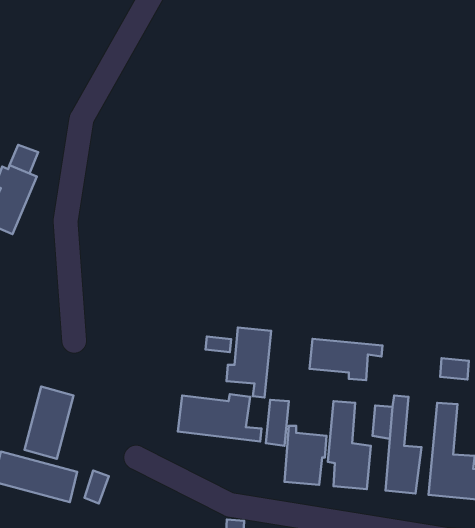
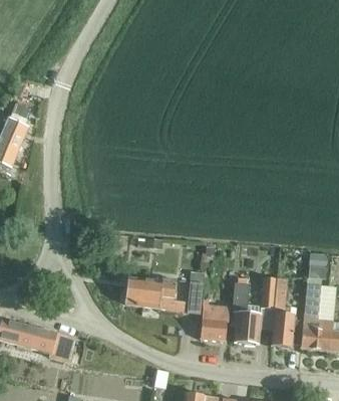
building: [226,327,271,397] -> none
building: [309,339,383,380] -> none
building: [24,386,73,459] -> none

